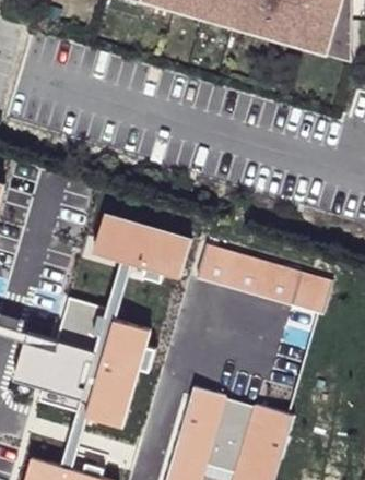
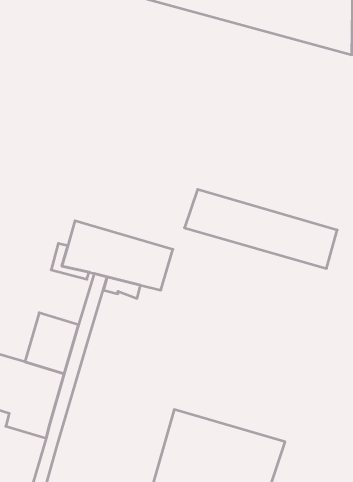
building: [195,242,334,314] -> [184,189,337,268]
building: [86,322,156,429] -> none

